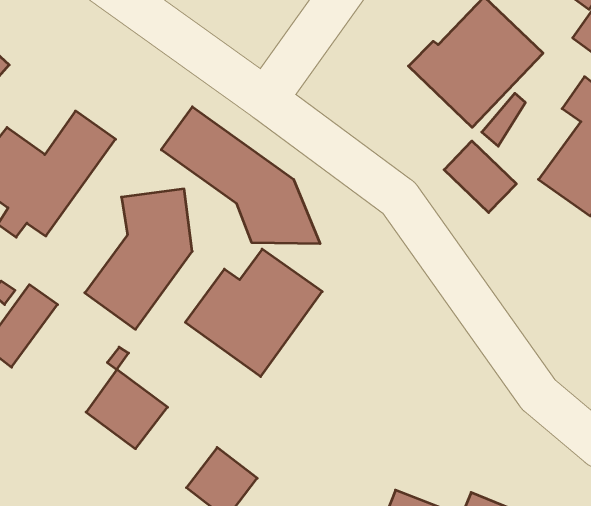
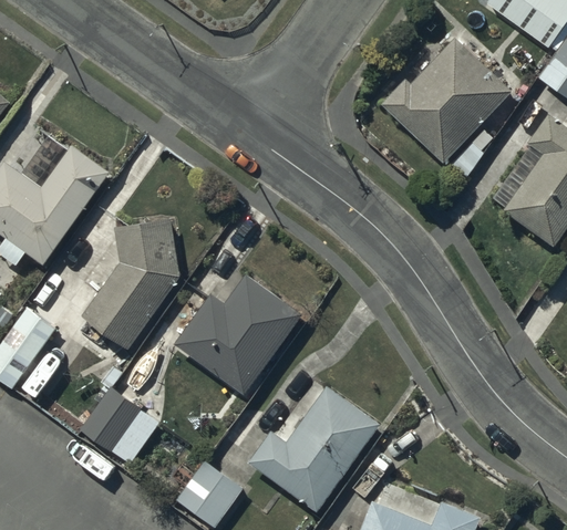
building: [161,107,320,244] -> none
building: [444,141,516,213] -> none
building: none -> [249,388,379,511]

